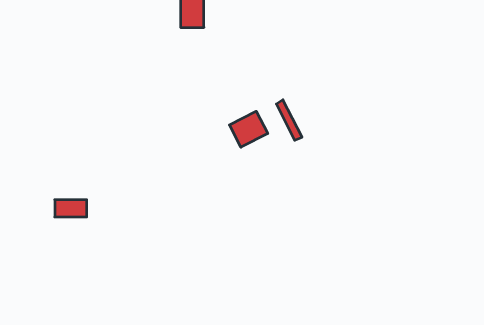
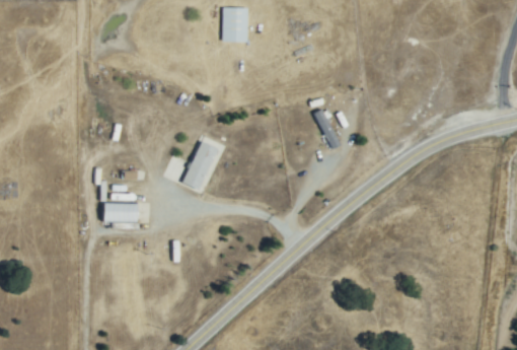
building: [229,111,268,147] -> none
building: none -> [184,143,215,188]

